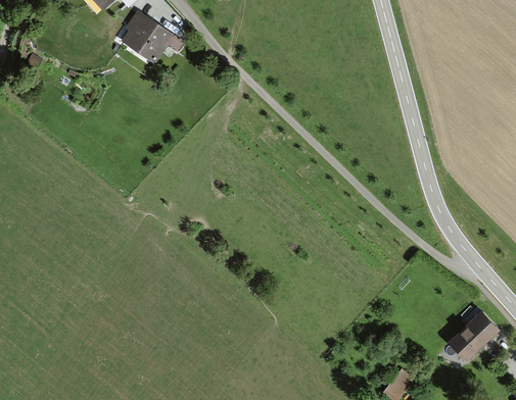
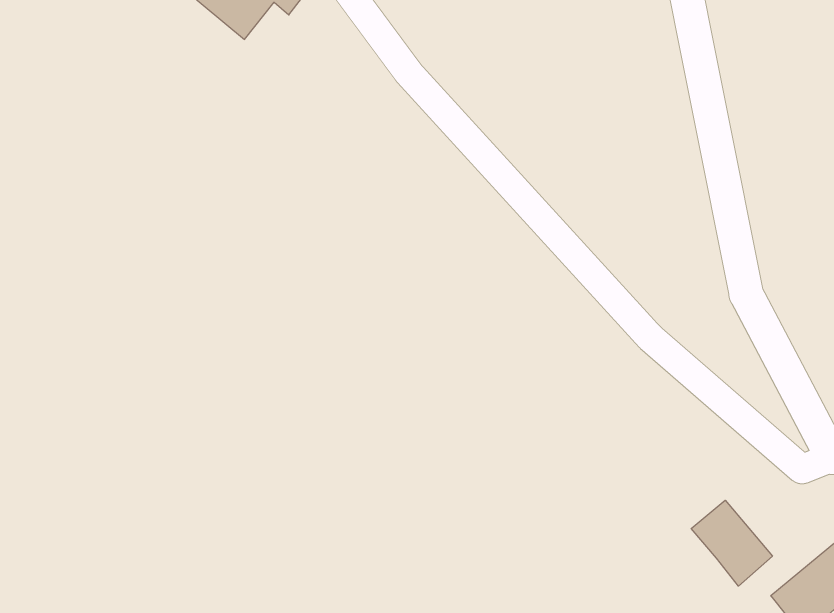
building: none -> [691,500,772,586]

